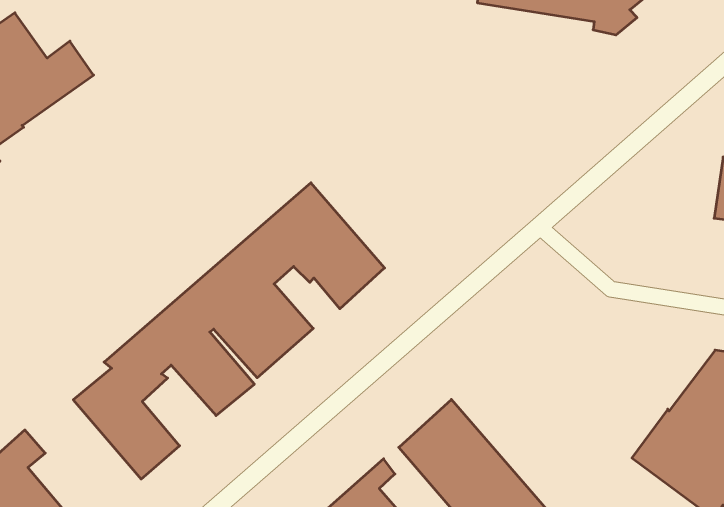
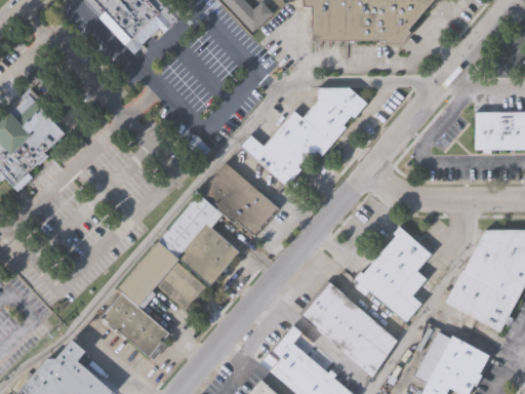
building: none -> [241,87,369,188]
building: none -> [355,226,432,322]

